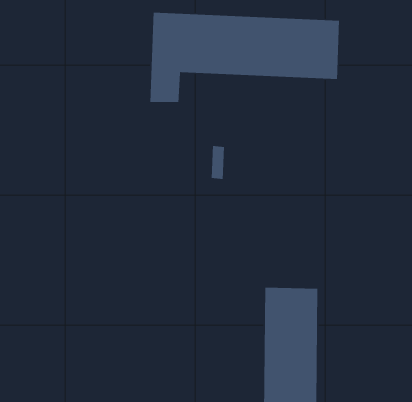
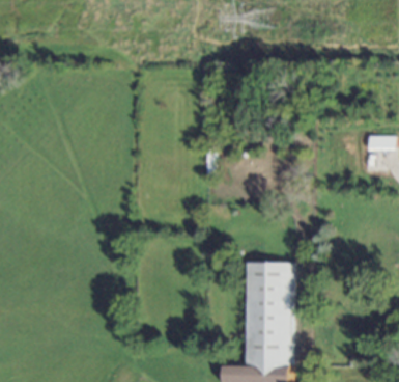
building: [149,12,340,103] -> none

